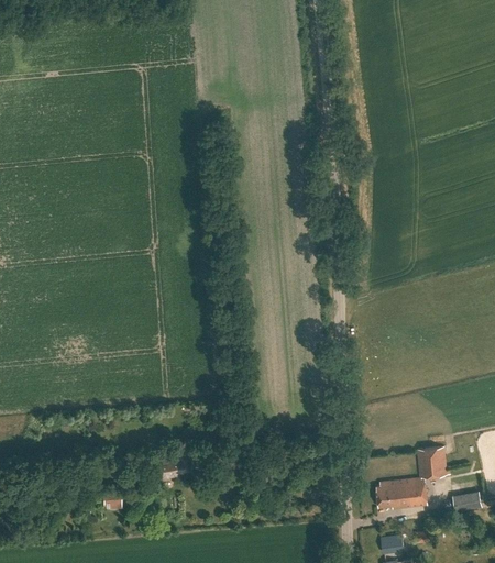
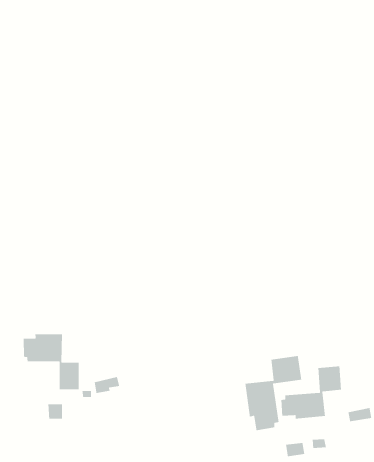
building: none -> [23,333,80,390]
building: none -> [245,355,302,431]

